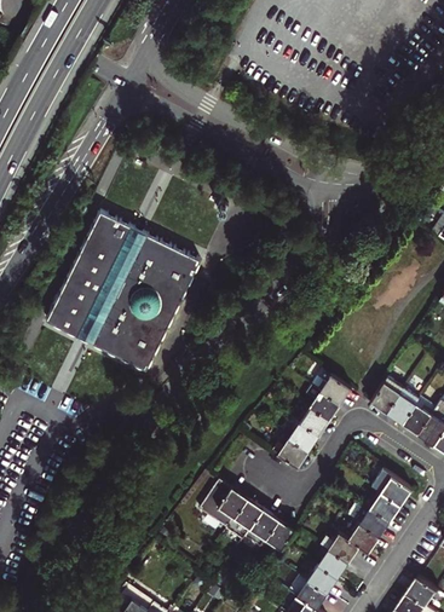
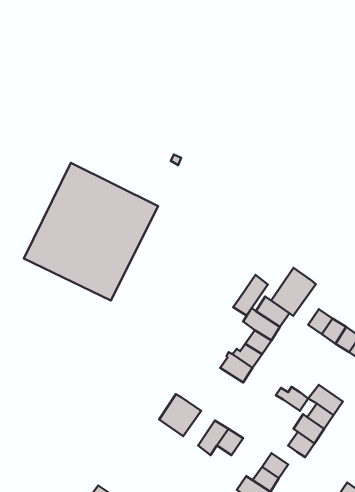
building: none -> [271,268,316,316]
building: none -> [233,275,268,315]
building: [227,501,264,541] -> none
building: [321,535,358,562] -> [276,387,308,411]

